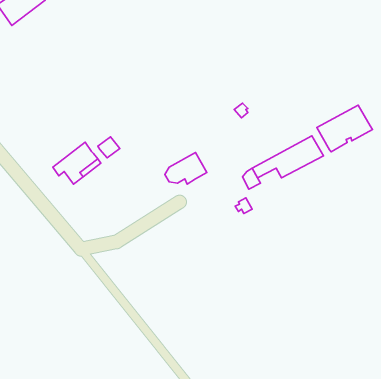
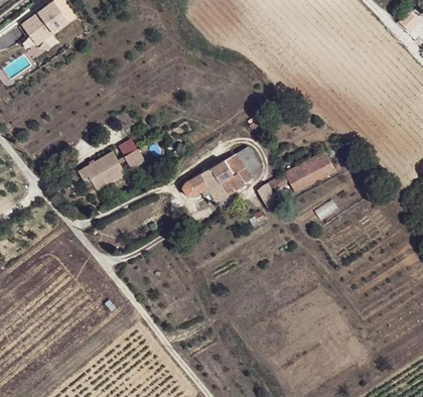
building: [317,105,372,152] -> none
building: none -> [213,145,261,201]

